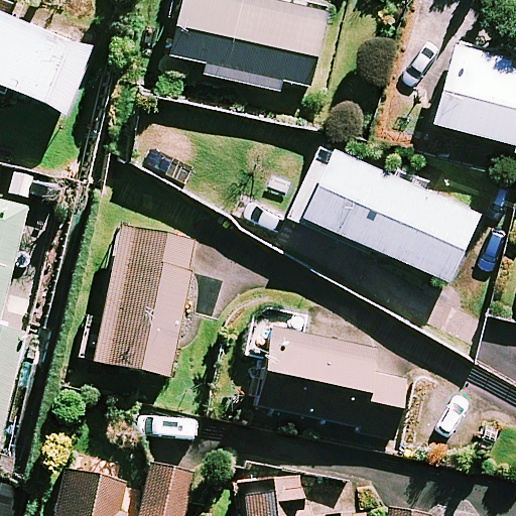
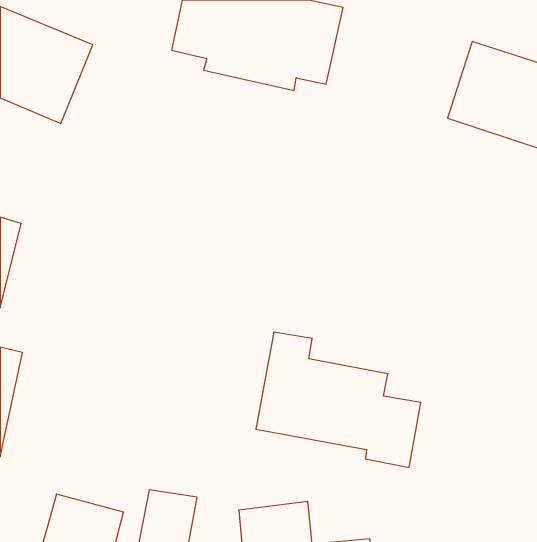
building: [300,144,480,277] -> none
building: [95,229,195,378] -> none

